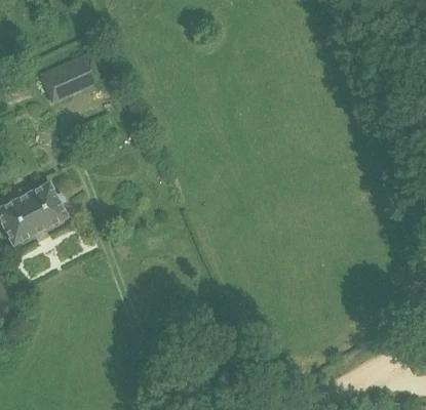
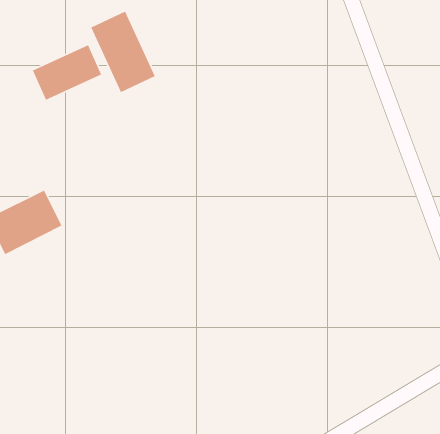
building: none -> [90,11,156,93]

